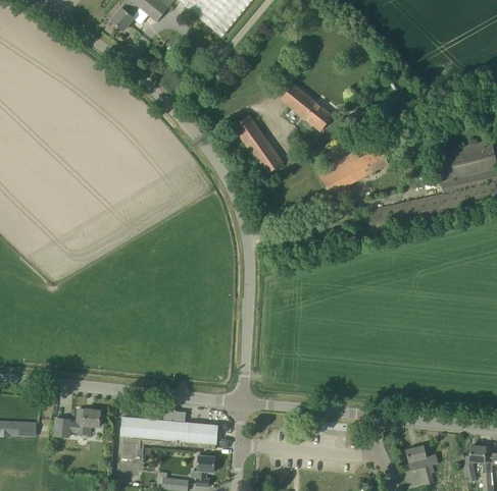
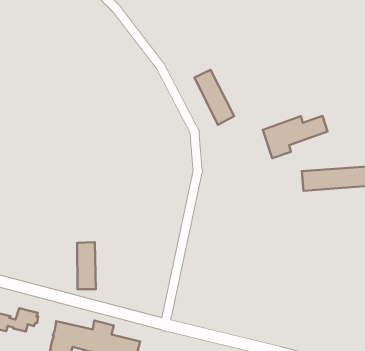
building: [281,84,331,129] -> none
building: none -> [77,242,96,289]

